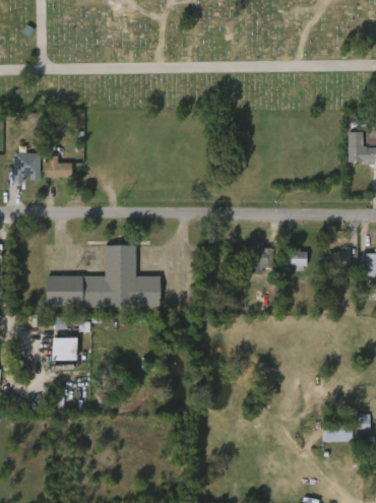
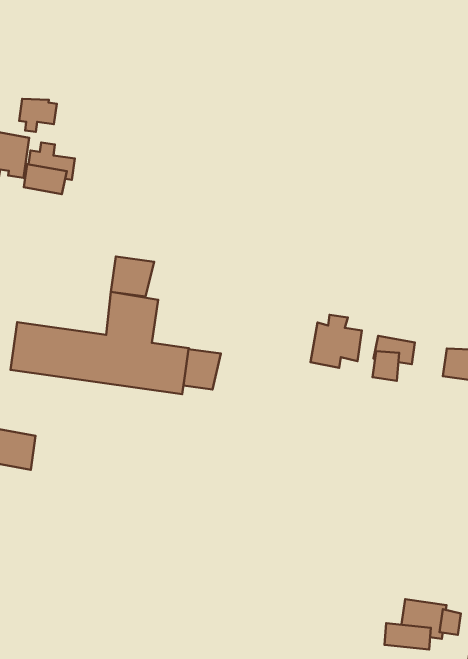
building: none -> [19,99,57,132]
building: none -> [111,256,154,297]
building: none -> [183,349,221,389]

